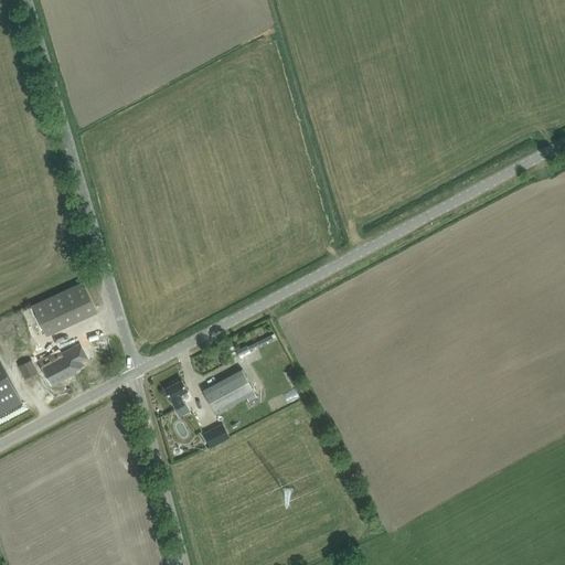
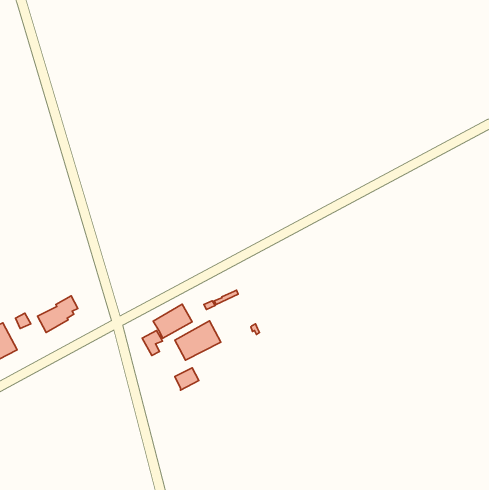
building: [30,282,95,337] -> none
building: none -> [153,304,192,338]

